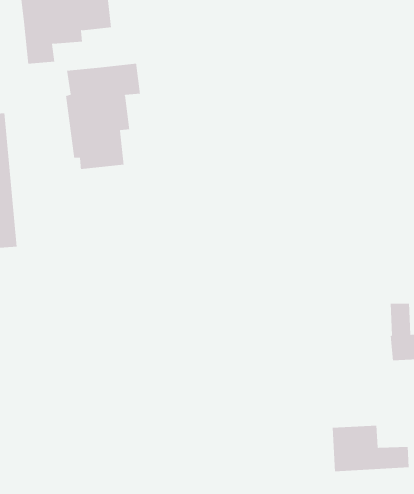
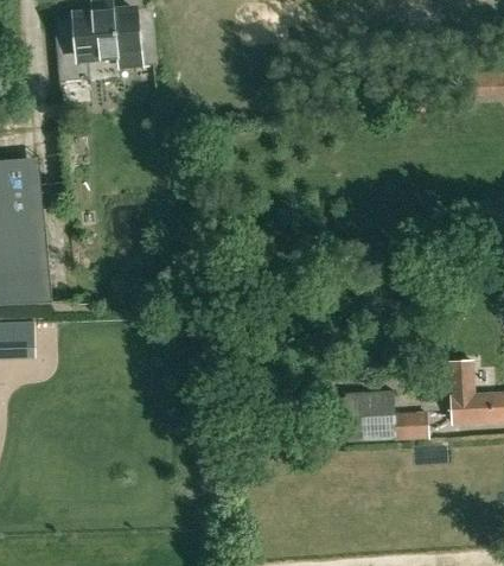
building: [66,63,141,170] -> none
building: [332,425,409,472] -> [344,390,427,440]

